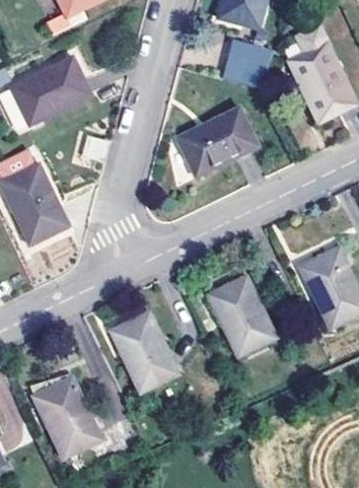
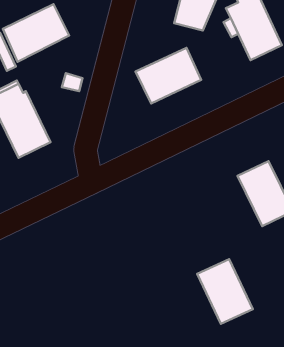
building: [207,274,276,354] -> [197,259,253,324]
building: [110,309,177,392] -> none
building: [31,375,100,457] -> none

